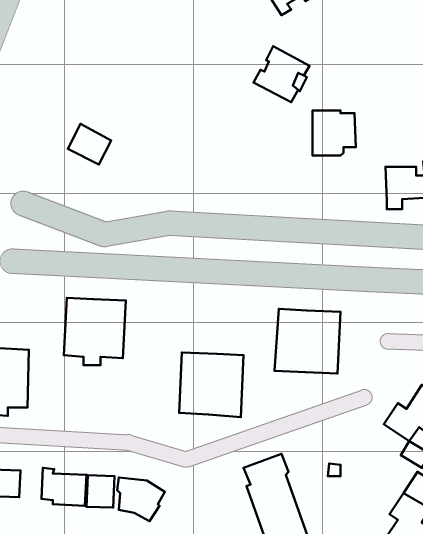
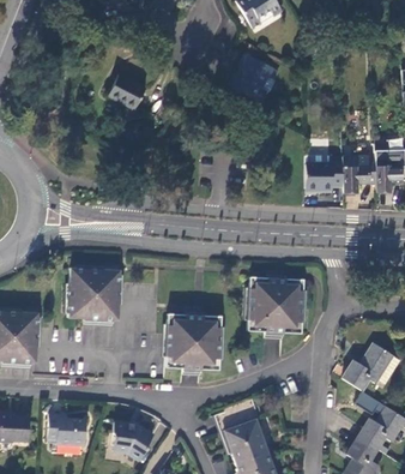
building: [312,111,356,155] -> [306,154,343,192]
building: [68,124,111,164] -> [108,73,145,108]
building: [86,475,115,508] -> none

